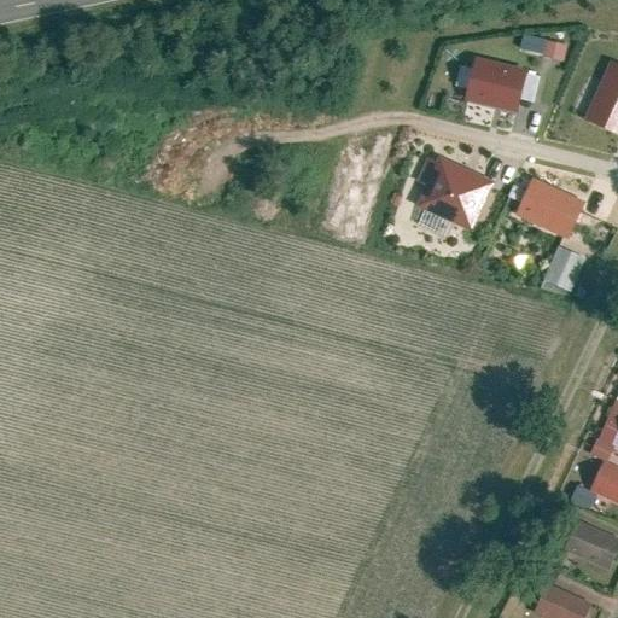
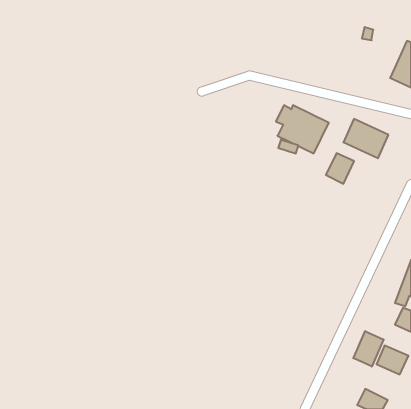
building: [465,59,525,112] -> none
building: [544,245,587,291] -> [326,153,354,184]
building: none -> [353,331,384,367]

